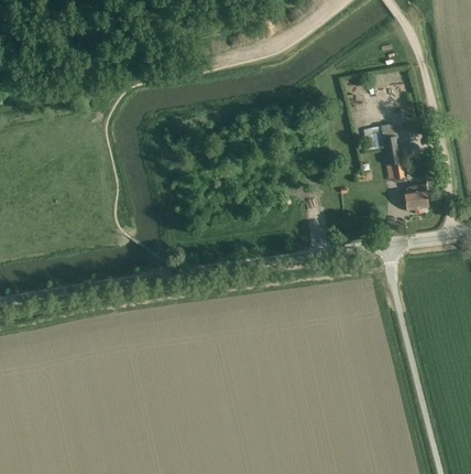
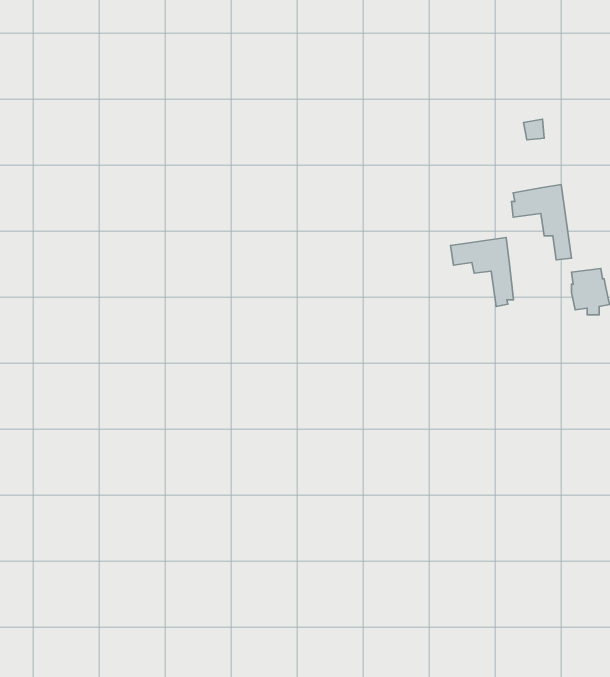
building: none -> [450,238,514,306]

